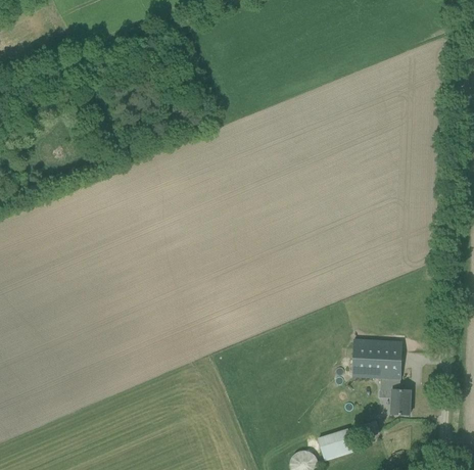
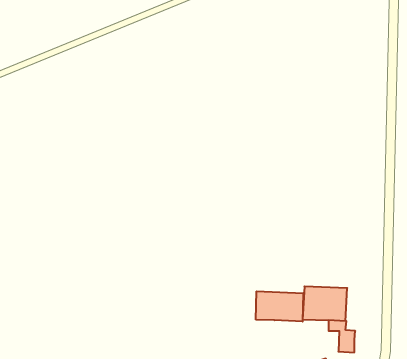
building: none -> [256,291,303,322]

